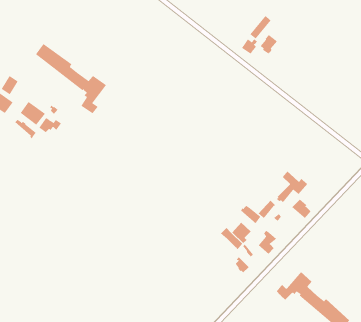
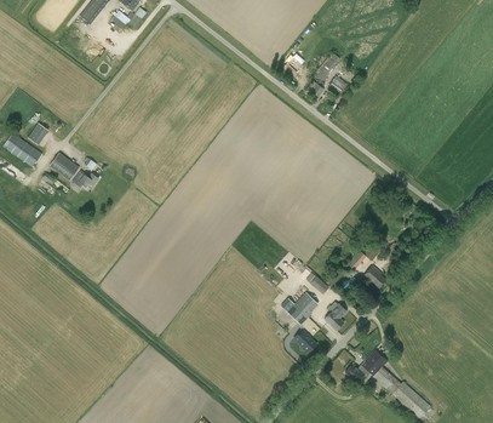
building: [35,43,107,114] -> none

